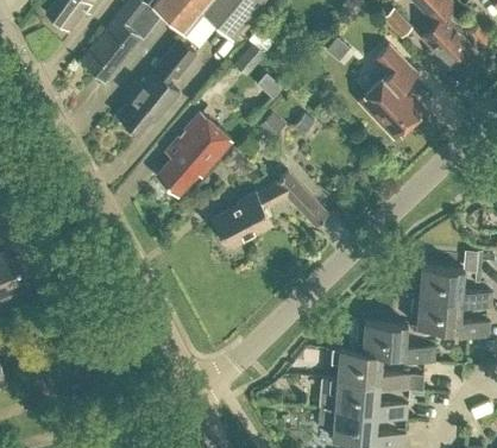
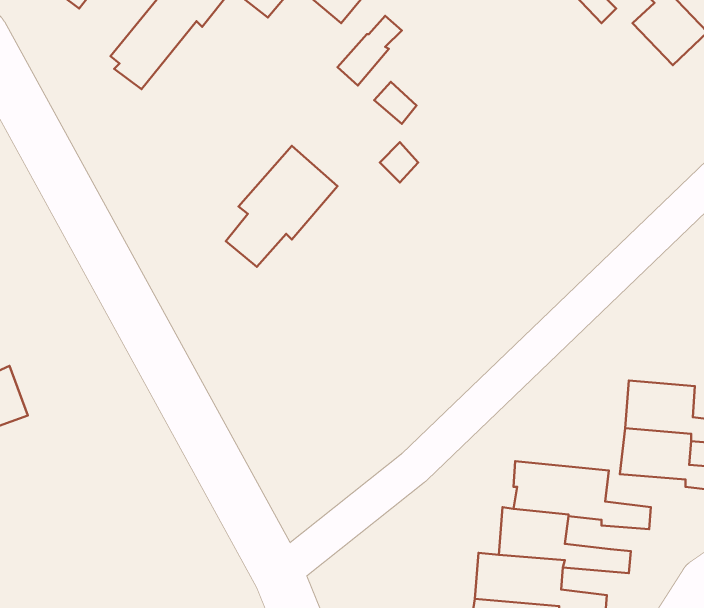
building: [120,39,199,133] -> none
building: [360,44,427,138] -> none
building: [212,172,327,248] -> none

